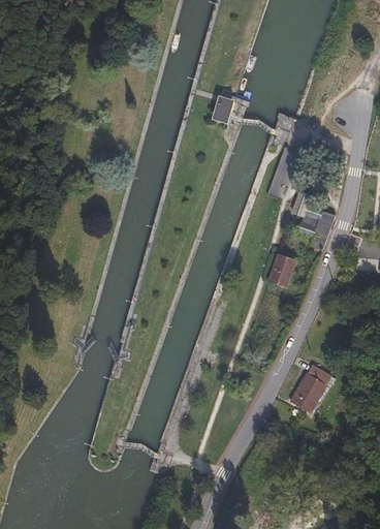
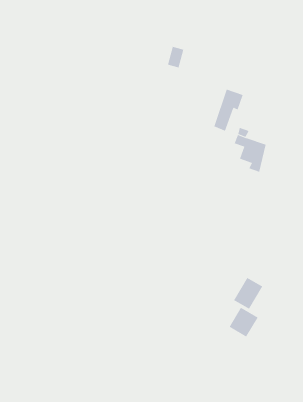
building: [268,254,295,286] -> none
building: none -> [229,307,258,337]

